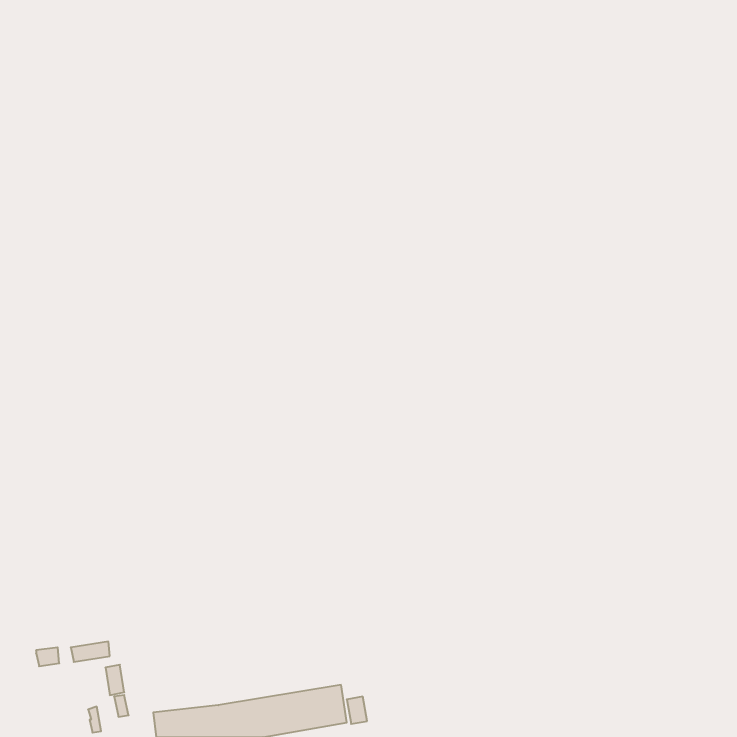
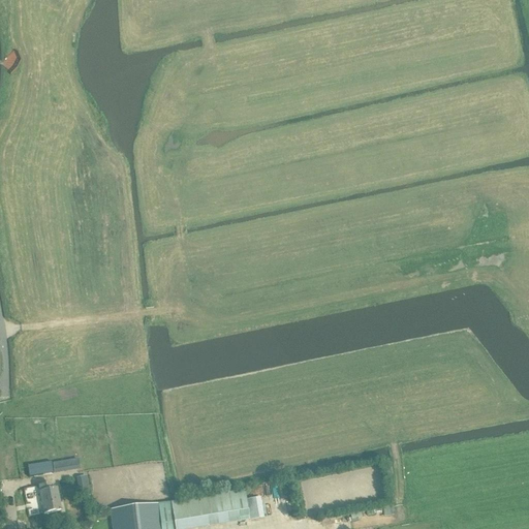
building: none -> [38,483,59,514]

